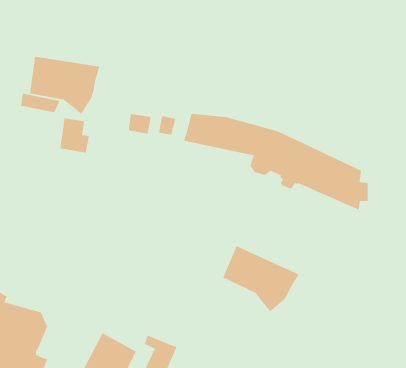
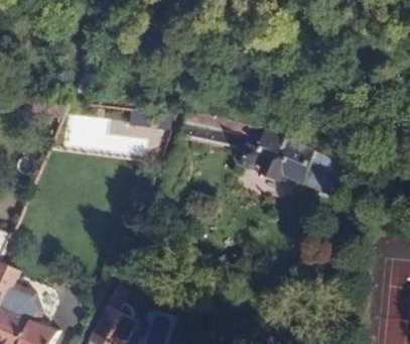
building: [29,56,100,115] -> none
building: [222,245,300,312] -> none

